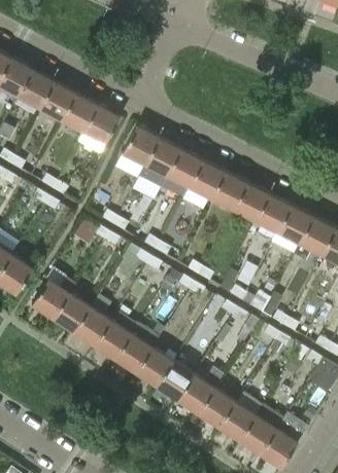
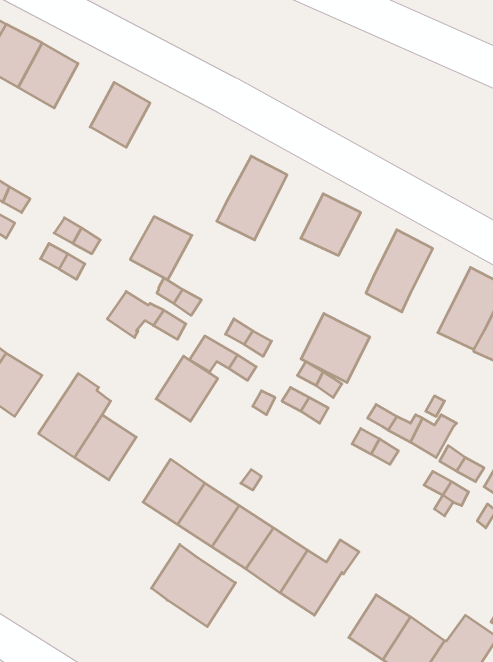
building: [40,81,76,119] -> none
building: [83,105,121,144] -> none
building: [122,125,159,163] -> [130,217,192,280]
building: [167,148,202,186] -> none
building: [211,171,246,208] -> none
building: [255,192,291,230] -> none
building: none -> [301,313,370,383]
building: [73,305,110,344] -> [156,356,218,421]
building: none -> [151,544,236,627]
building: [197,387,234,426] -> none

